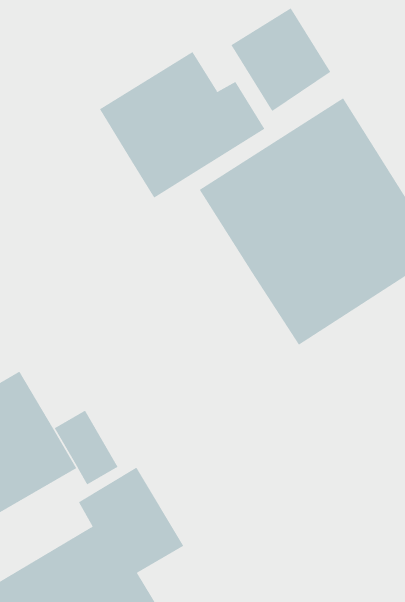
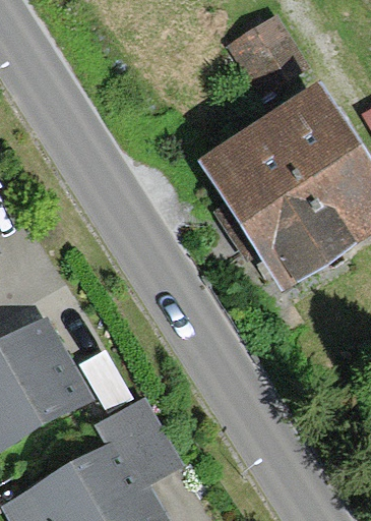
building: [99,51,265,198] -> none

